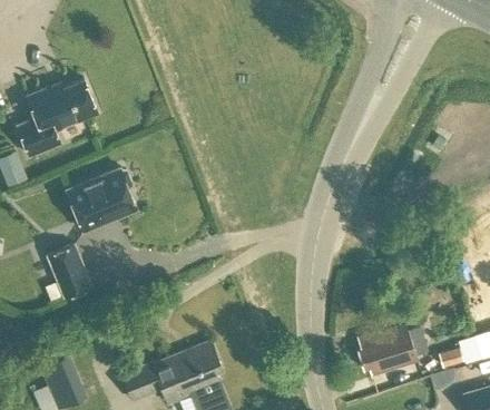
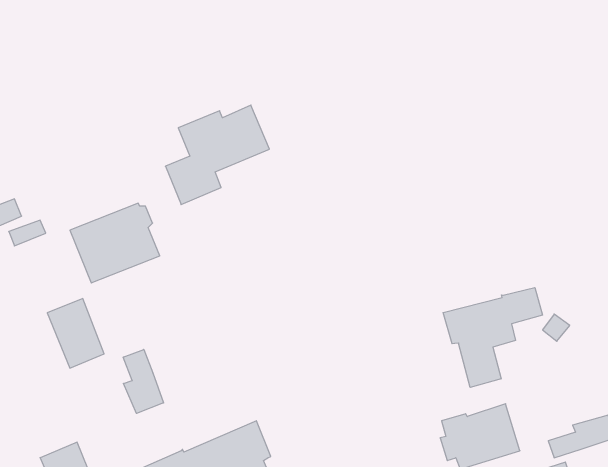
building: [18,79,99,157] -> [165,105,269,205]
building: none -> [443,288,542,387]
building: none -> [123,349,164,413]

